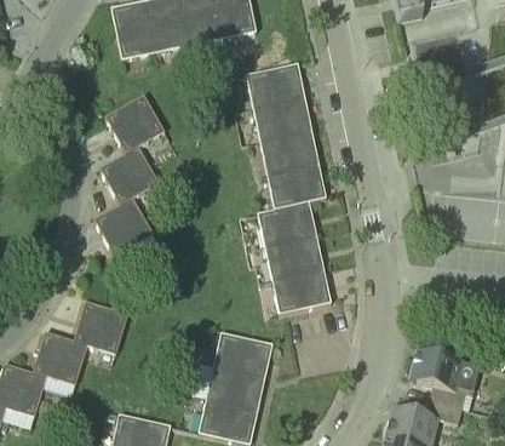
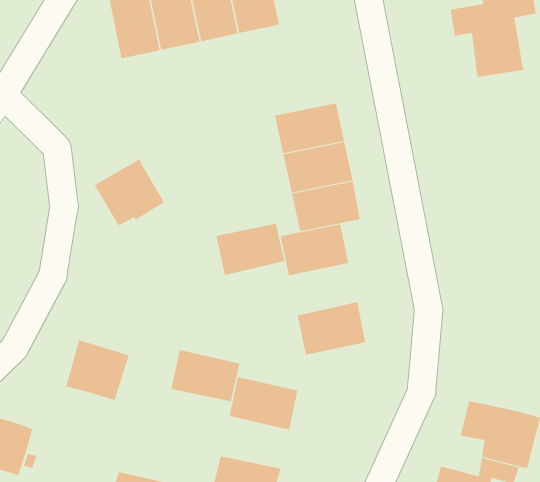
building: [245,62,305,108] -> none
building: [104,93,165,151] -> none
building: [93,195,154,255] -> none
building: [264,234,323,279] -> [216,223,285,275]
building: [33,331,87,384] -> none
building: [206,365,265,410] -> [171,349,240,402]

